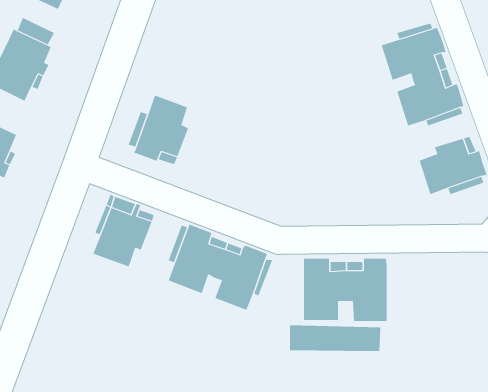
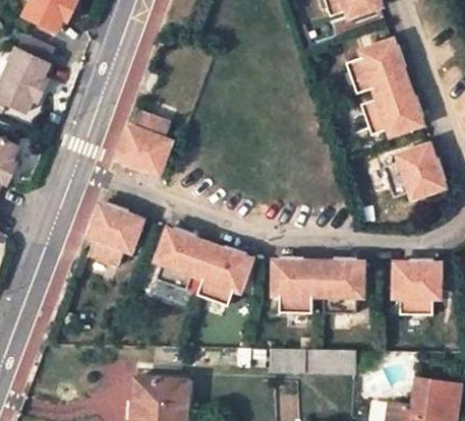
building: none -> [392,258,431,314]
building: [289,325,381,352] -> [269,349,353,373]

